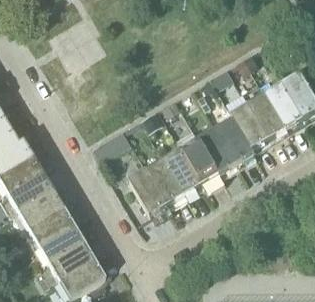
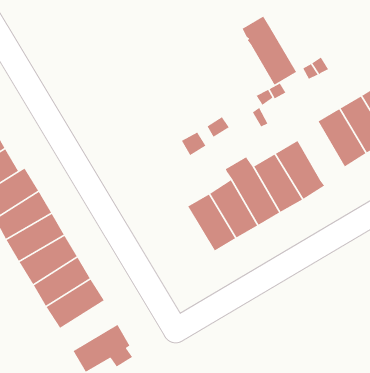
building: [227,95,270,149] -> [242,16,297,85]
building: [130,169,169,215] -> none
building: [49,242,94,281] -> none

